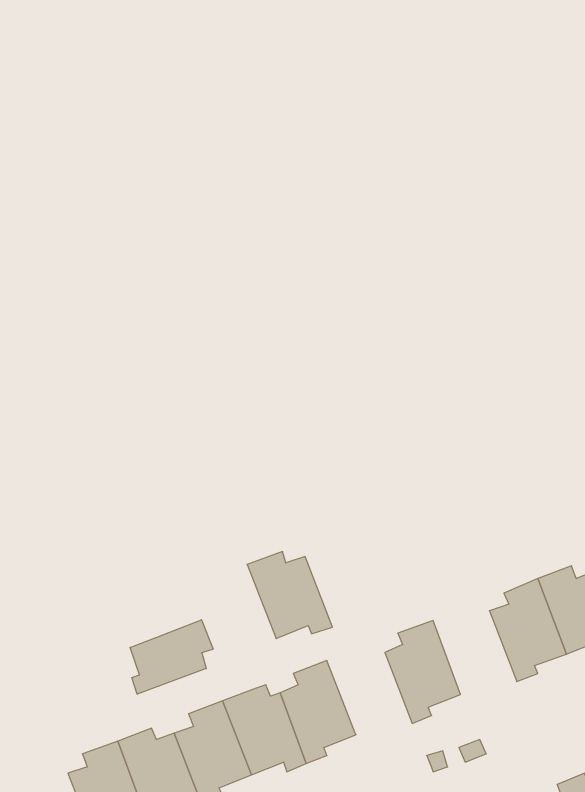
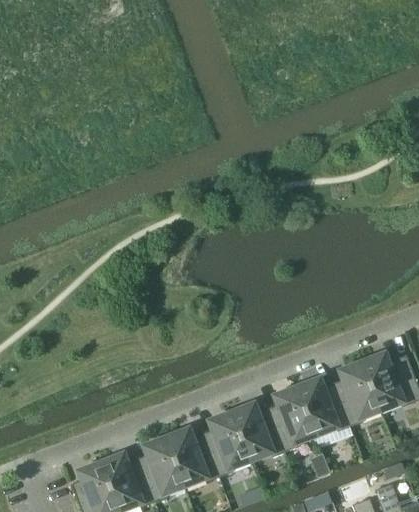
building: [247,552,332,639] -> [230,404,283,458]
building: none -> [296,378,348,433]
building: [130,620,213,694] -> none

